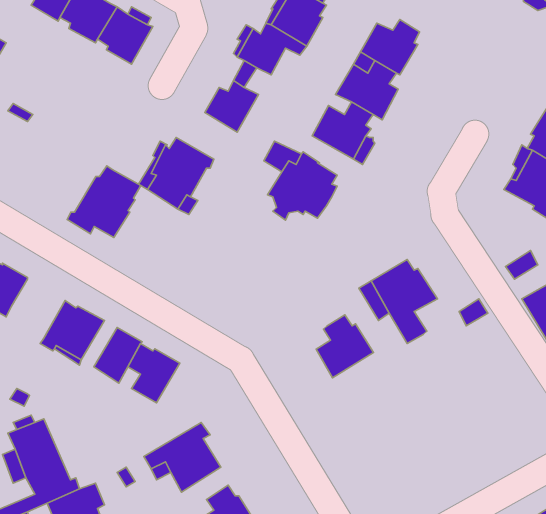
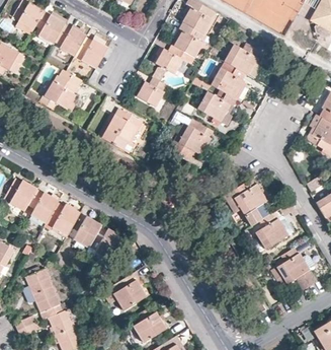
building: [67,166,141,237] -> [40,69,82,110]
building: none -> [27,190,59,223]
building: [316,315,374,378] -> [256,213,288,249]
building: none -> [277,248,316,288]

